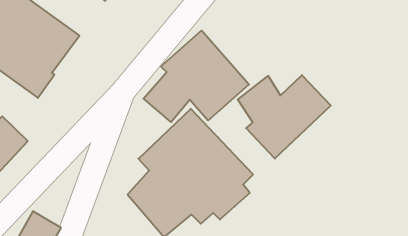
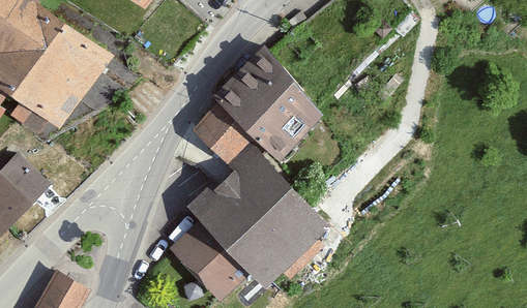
building: [238,75,331,159] -> none

